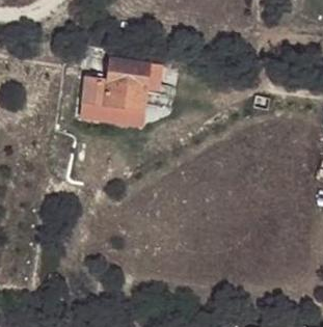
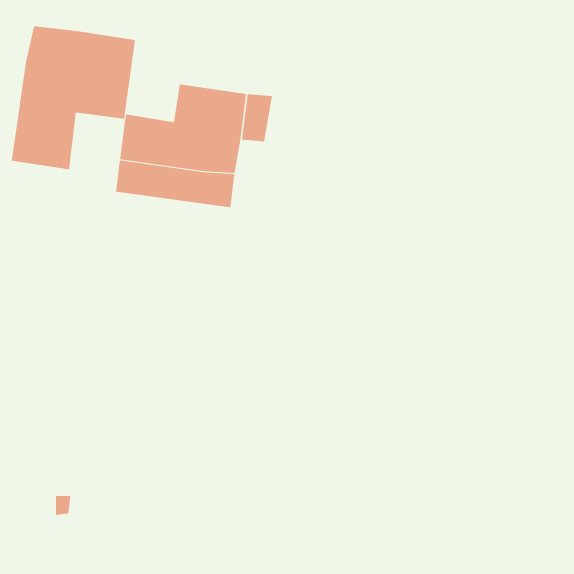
building: none -> [11,26,135,170]

